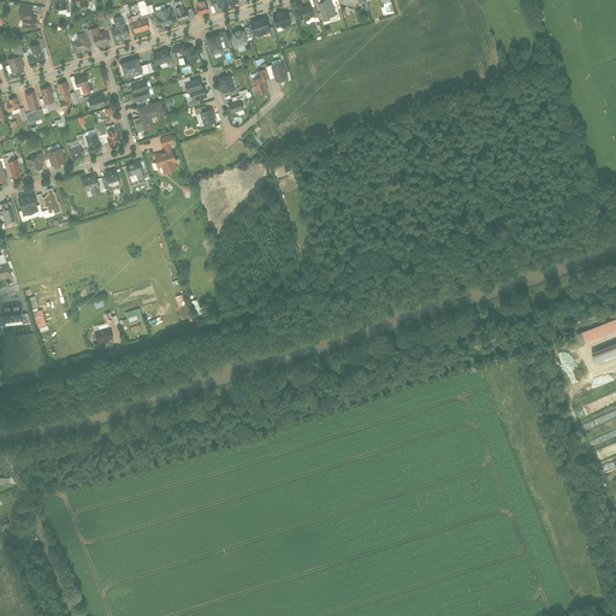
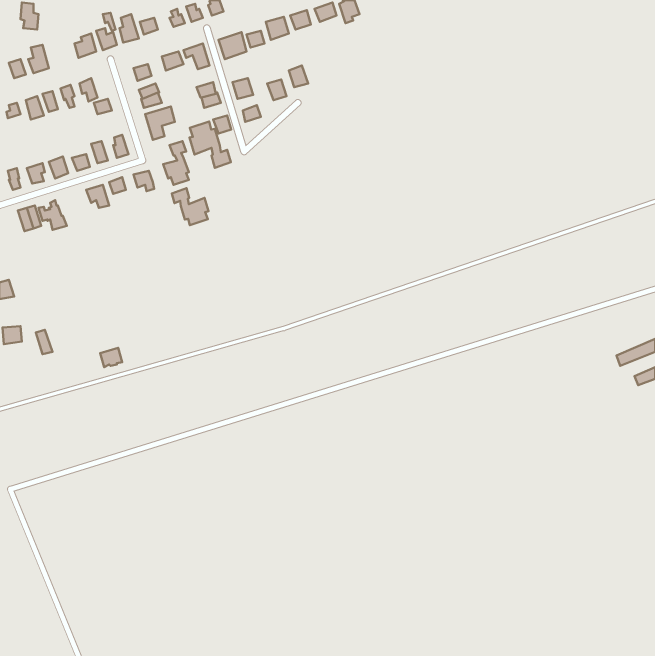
building: none -> [189,121,231,168]
building: none -> [172,188,209,225]

